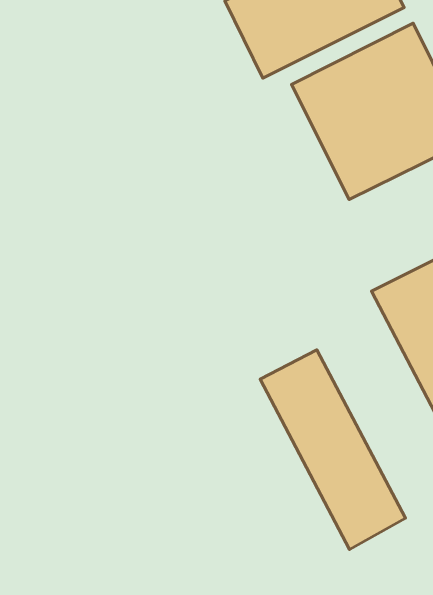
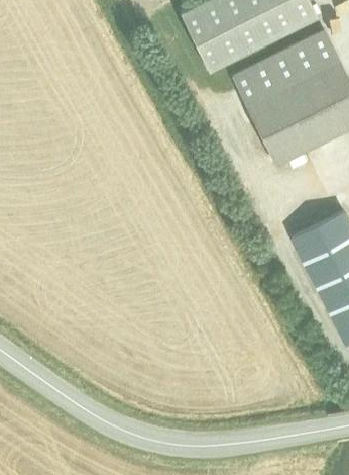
building: [260,350,406,550] -> none

